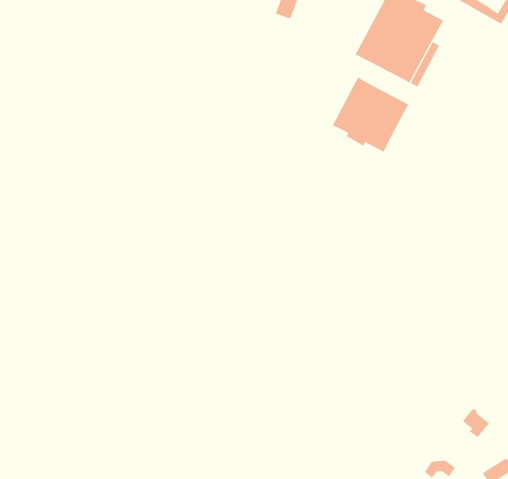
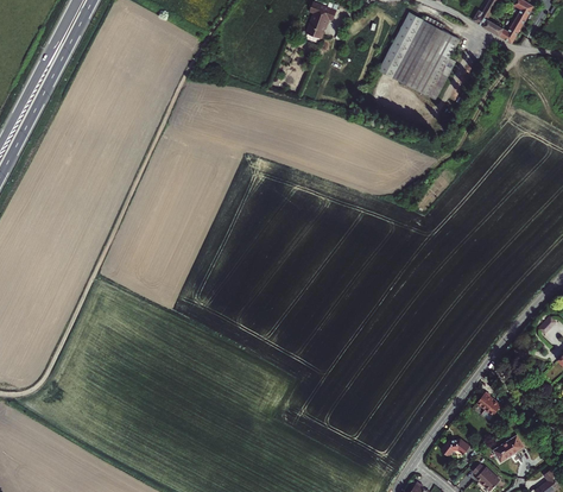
building: [332,77,409,152] -> none

